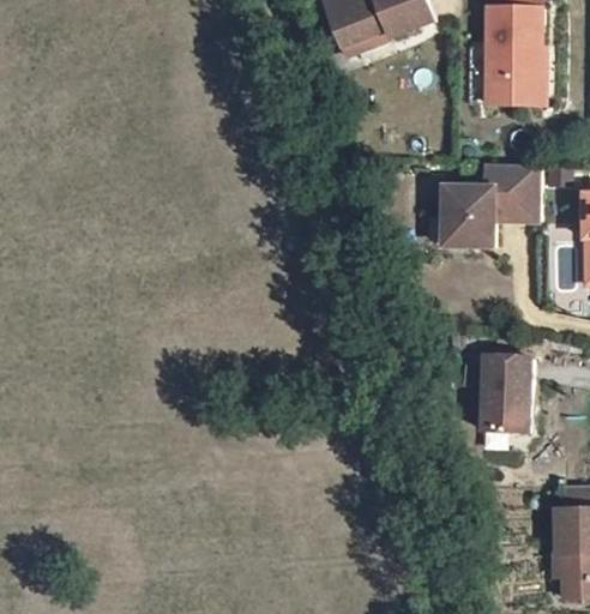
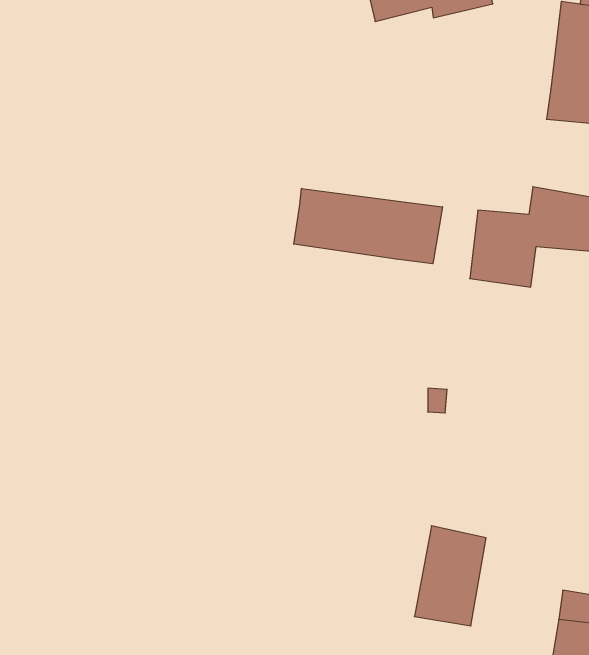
building: none -> [294,188,442,264]
building: [481,355,530,432] -> [414,526,486,626]

